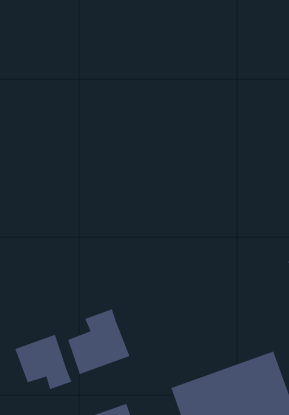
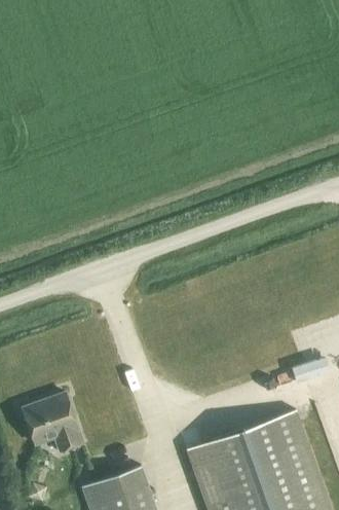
building: [67,308,130,375] -> none

